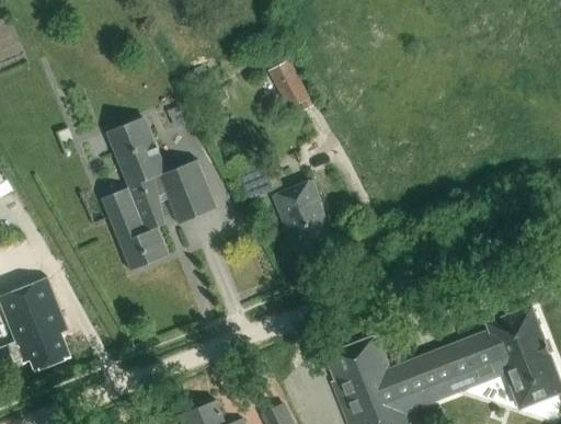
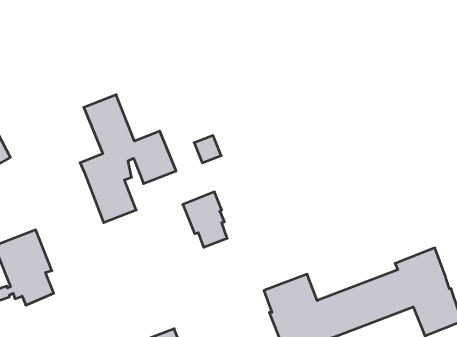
building: [271,61,317,113] -> none
building: [272,180,325,247] -> [183,192,227,247]

